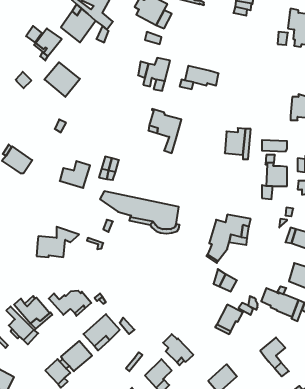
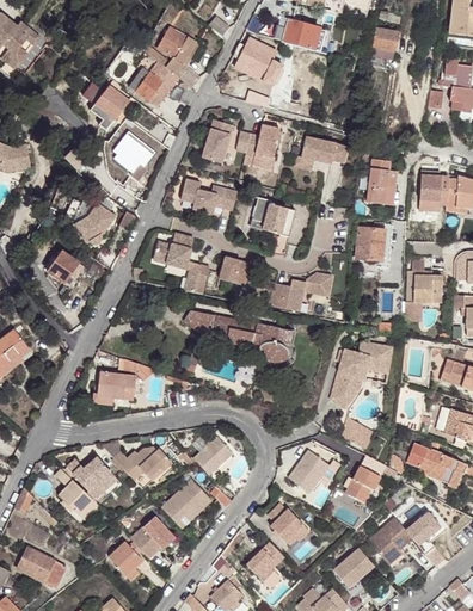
building: none -> [202,119,233,162]
building: none -> [367,159,397,205]
building: none -> [419,174,449,211]
building: none -> [180,178,236,214]
building: none -> [78,200,117,240]
building: none -> [219,257,251,285]
building: [60,161,90,188] -> [153,232,195,269]
building: none -> [269,272,332,313]
building: none -> [194,436,233,475]
building: none -> [288,449,330,493]
building: none -> [368,517,411,567]

